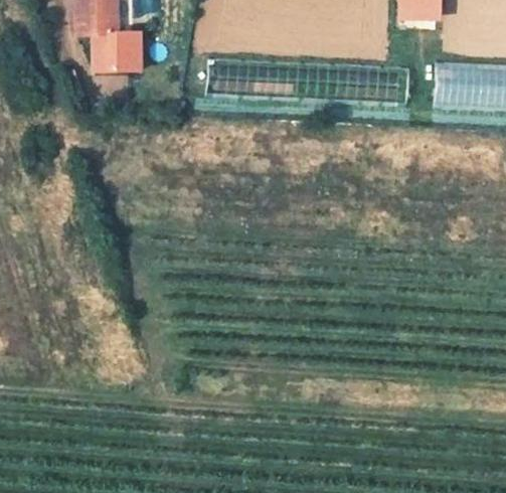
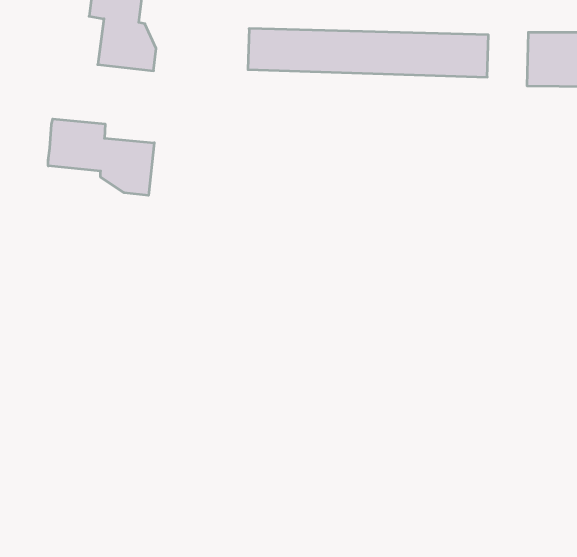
building: none -> [48,119,154,195]

